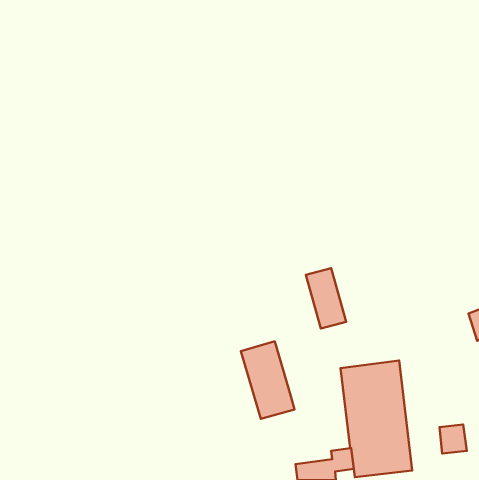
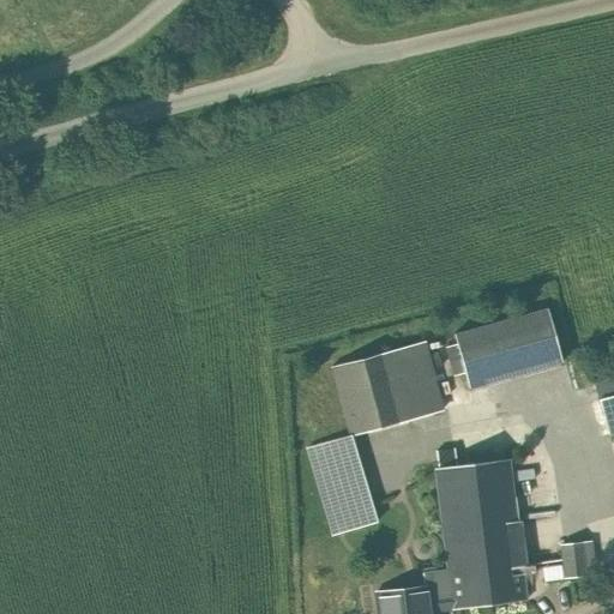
building: none -> [456,308,564,386]
building: none -> [333,350,411,435]

